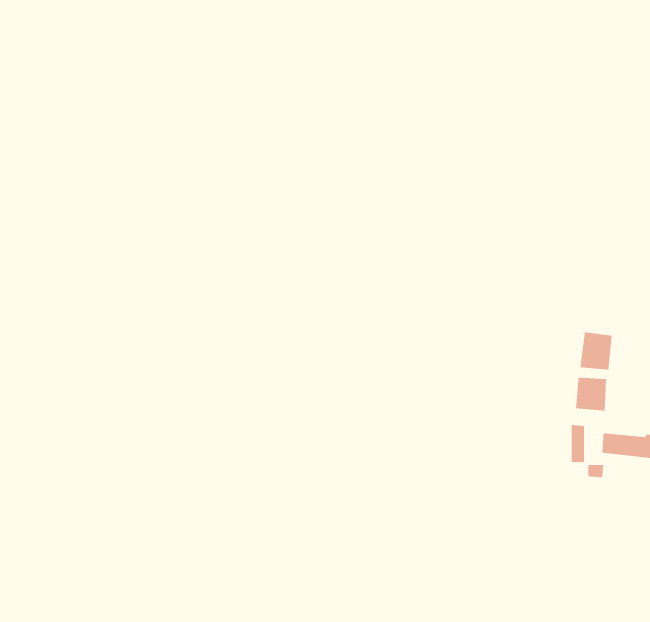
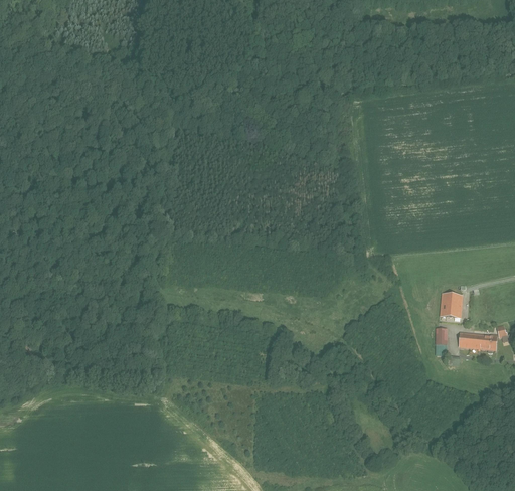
building: [579,331,612,370] -> none

